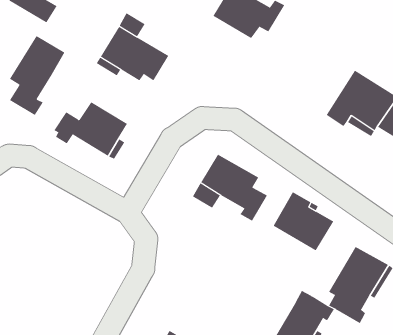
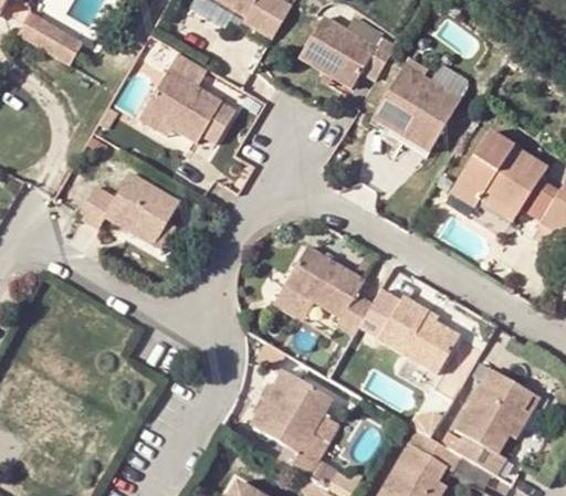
building: none -> [373,64,462,152]
building: [9,35,65,116] -> none
building: none -> [249,369,335,478]

